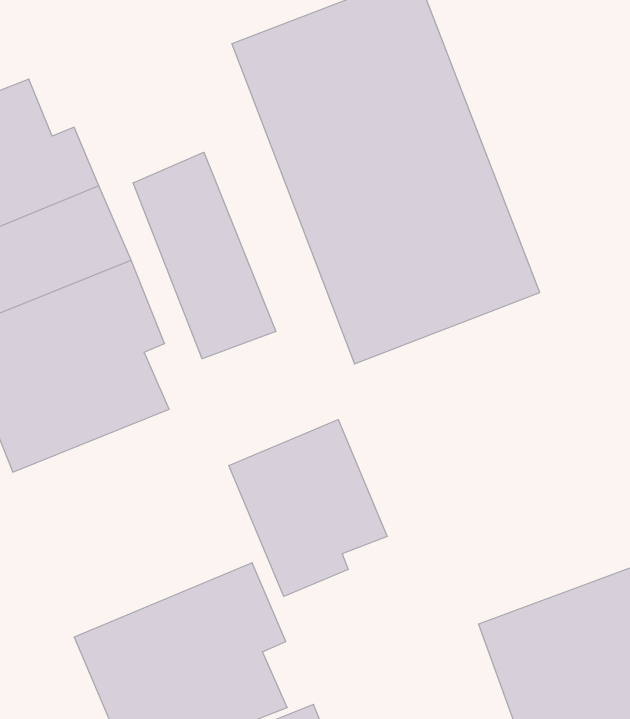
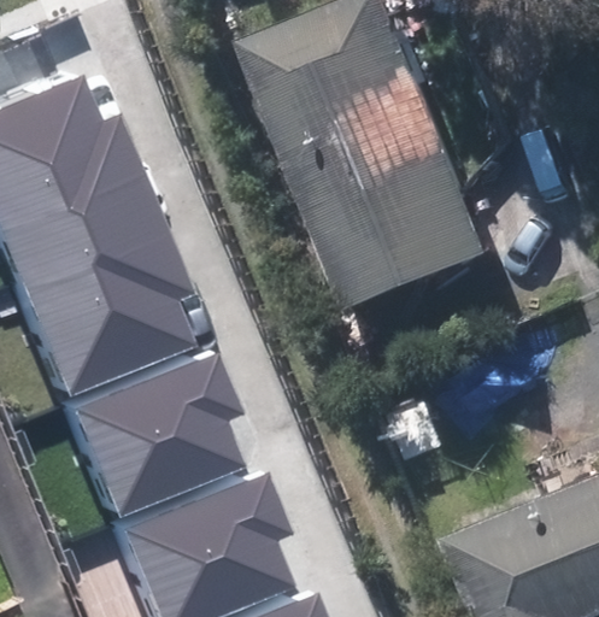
building: [133,152,276,359] -> none
building: none -> [64,352,239,525]
building: [229,420,387,596] -> none

